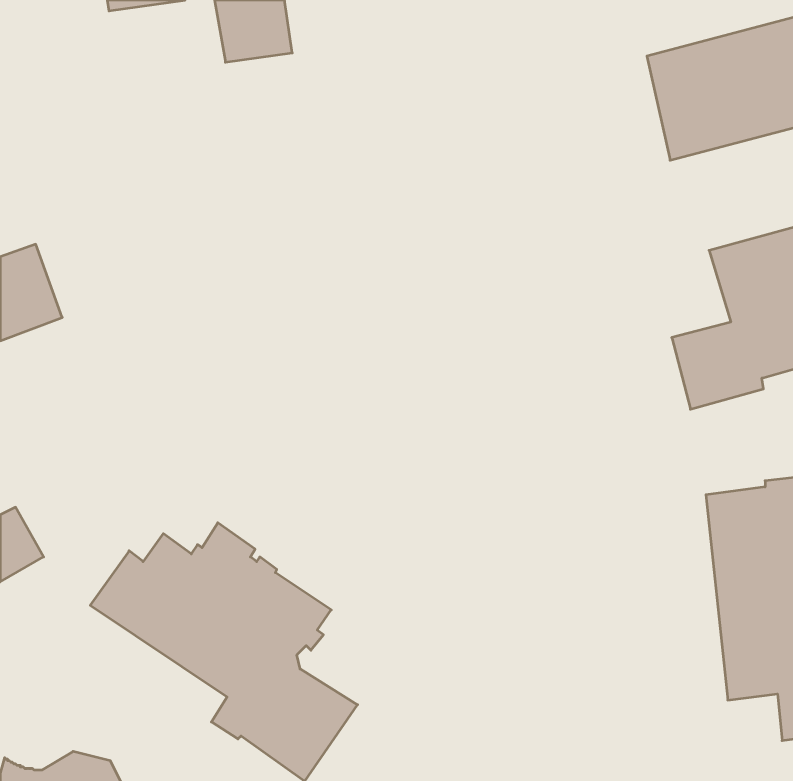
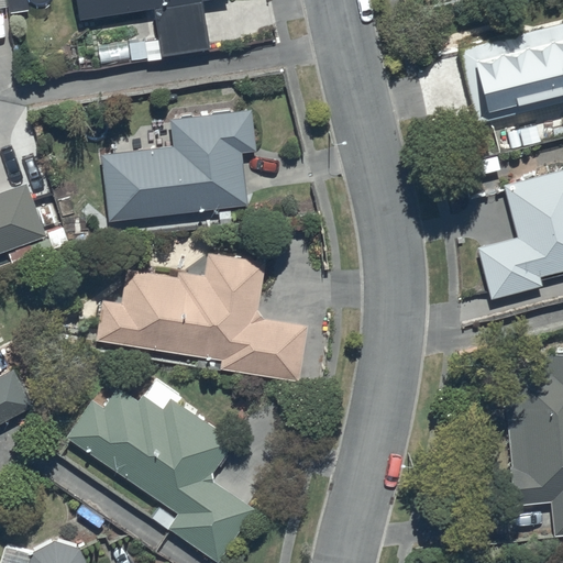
building: none -> [99,110,255,223]
building: none -> [96,253,306,380]

